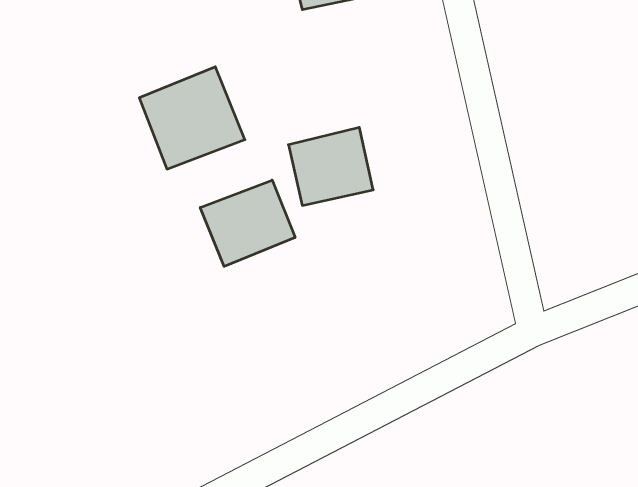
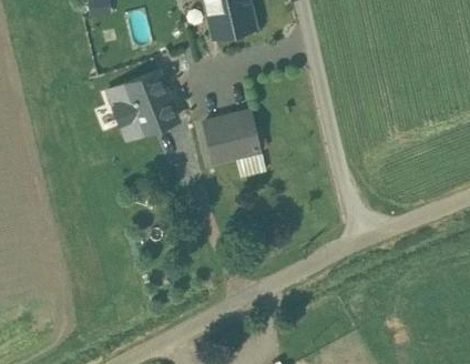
building: [200,180,295,266] -> none

